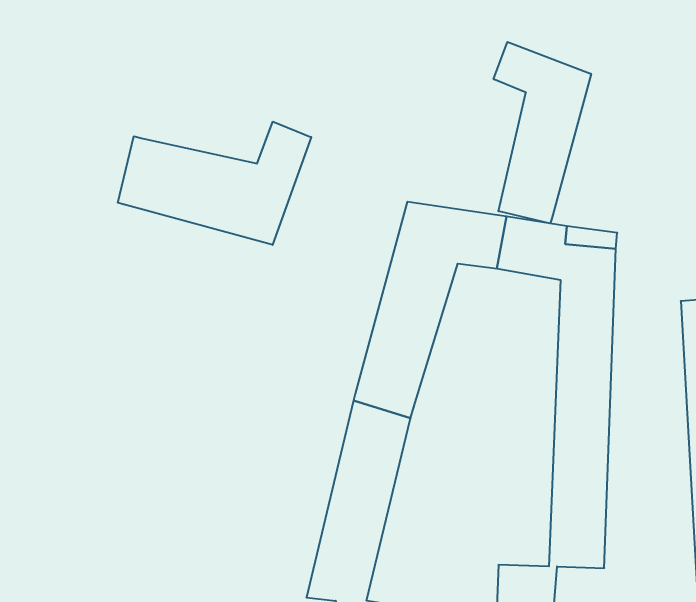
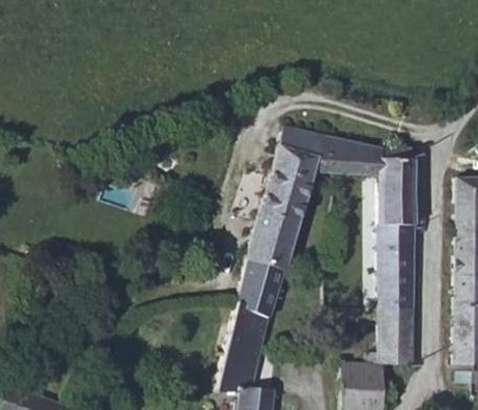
building: [494,42,591,223] -> none
building: [118,122,311,245] -> none

